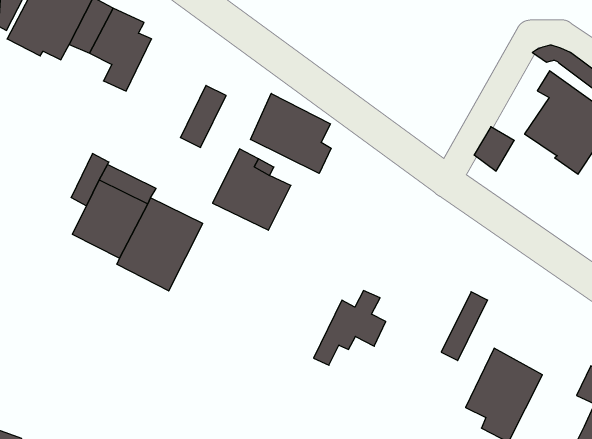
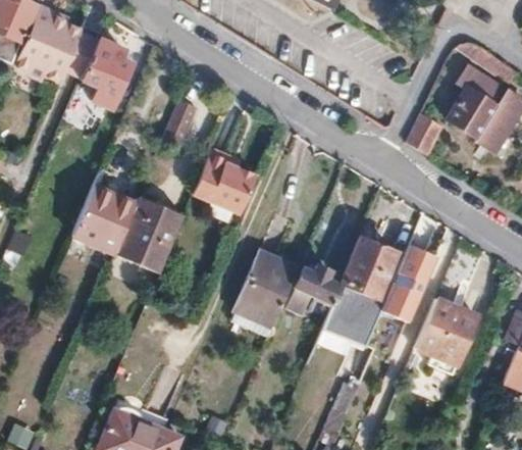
building: [251,93,331,173] -> none
building: none -> [324,240,397,347]
building: none -> [234,251,300,328]

